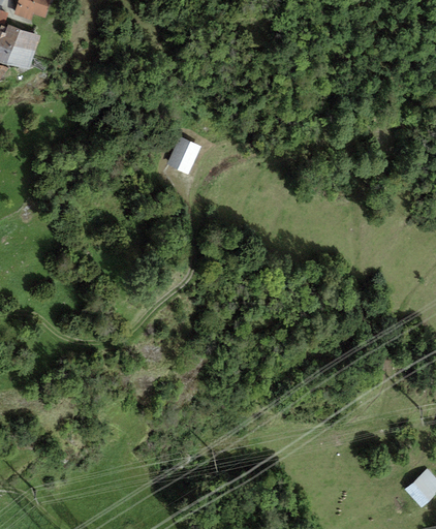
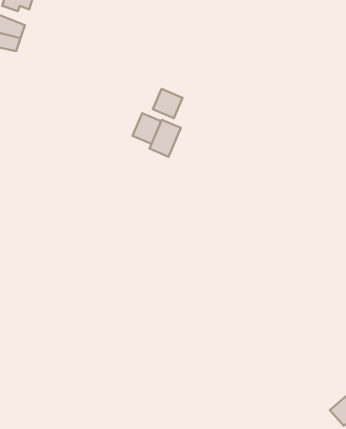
building: none -> [153,89,182,118]
building: none -> [150,120,181,157]

